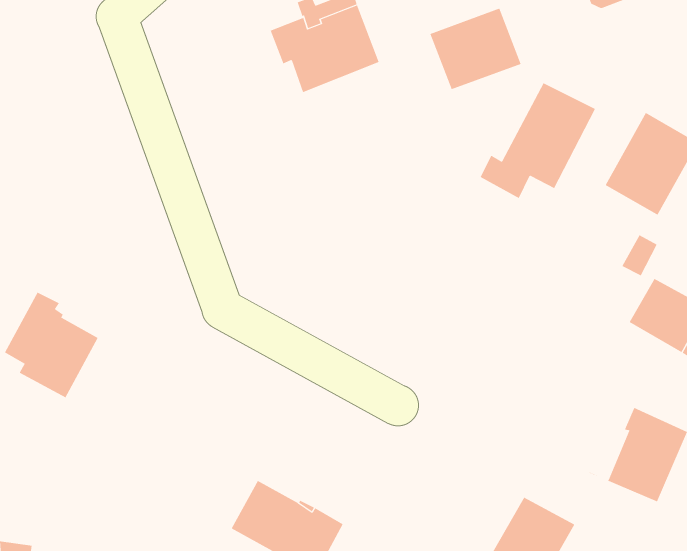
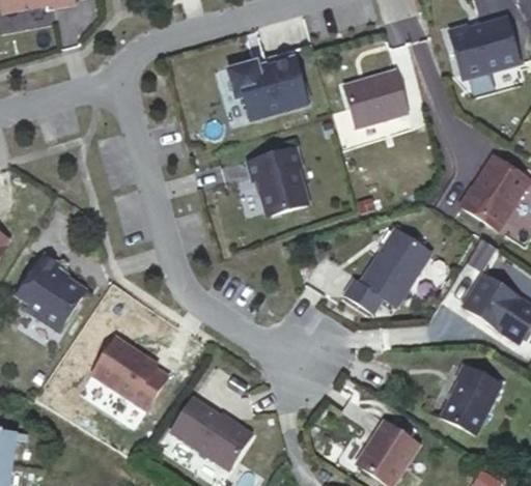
building: [480,83,596,199] -> [342,231,429,313]
building: none -> [246,150,306,217]
building: none -> [92,334,169,407]

